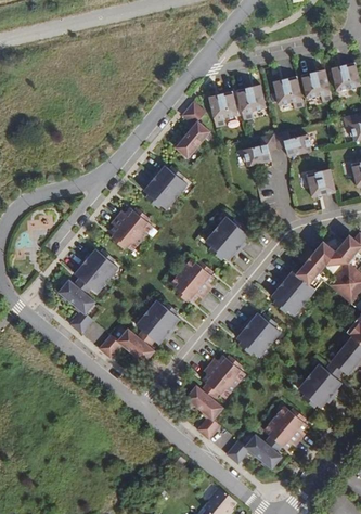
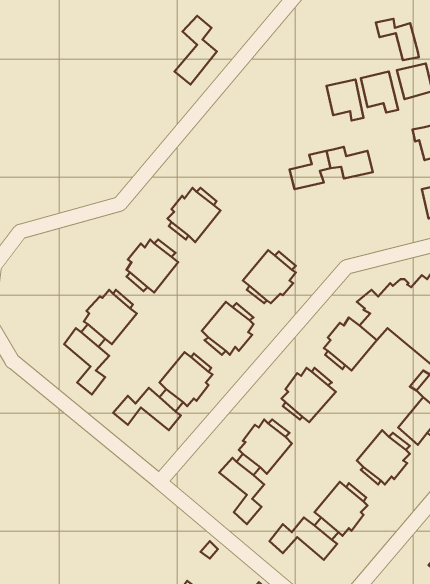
building: none -> [376,19,419,60]
building: [236,85,266,121] -> none
building: [208,91,237,128] -> none
building: [176,101,210,157] -> [175,16,217,85]
building: [307,171,336,201] -> none

